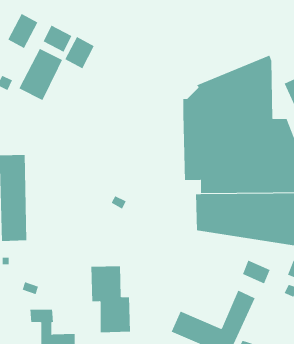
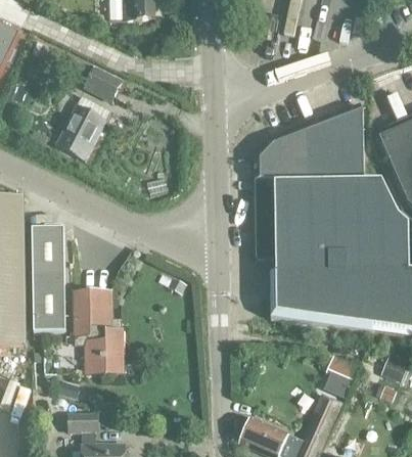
building: [8,13,38,49] -> none
building: [65,36,95,69] -> none
building: [91,266,131,333] -> [74,289,123,371]

